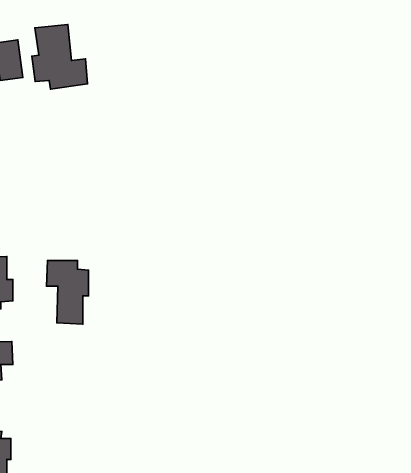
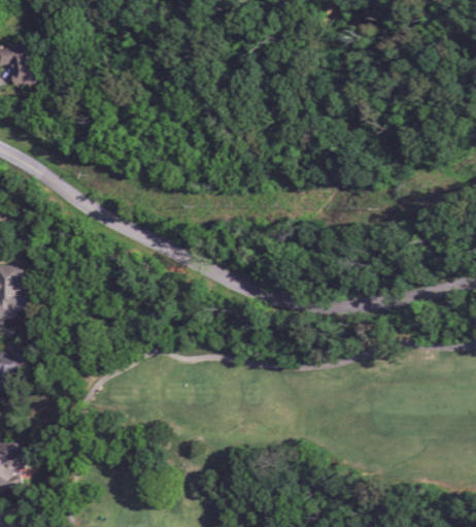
building: [32,25,88,89] -> none
building: [47,260,89,324] -> none

